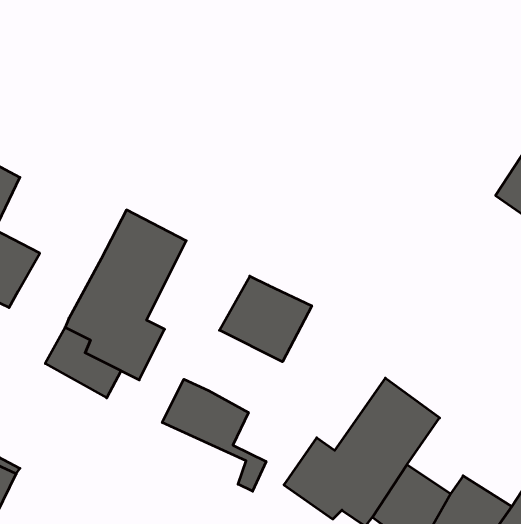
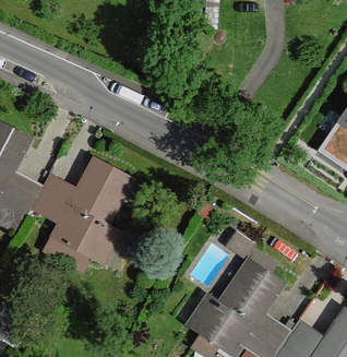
building: none -> [28,172,79,224]
building: [219,276,312,362] -> none
building: [162,379,266,491] -> none

